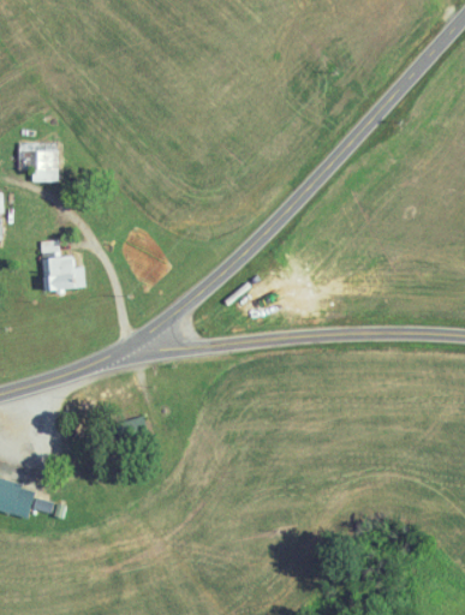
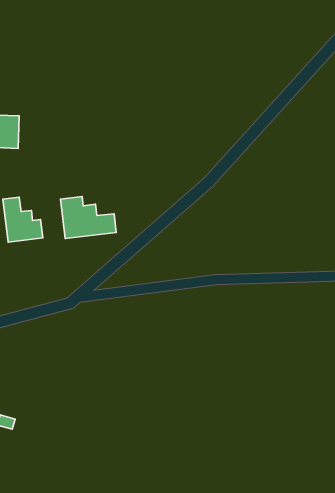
building: none -> [60,196,116,239]

